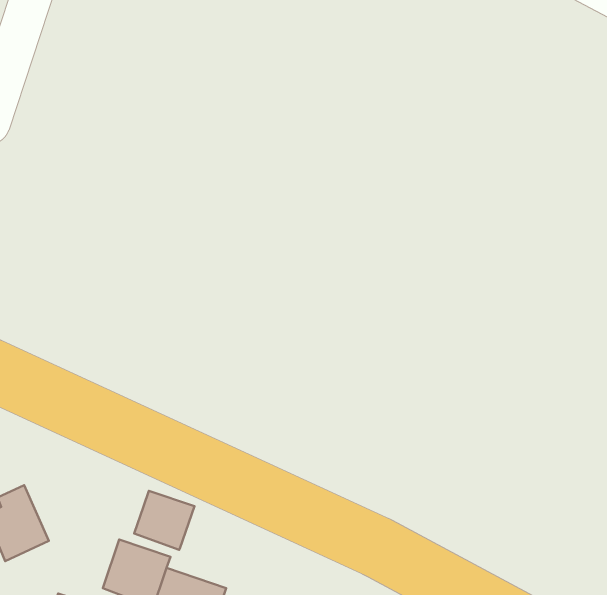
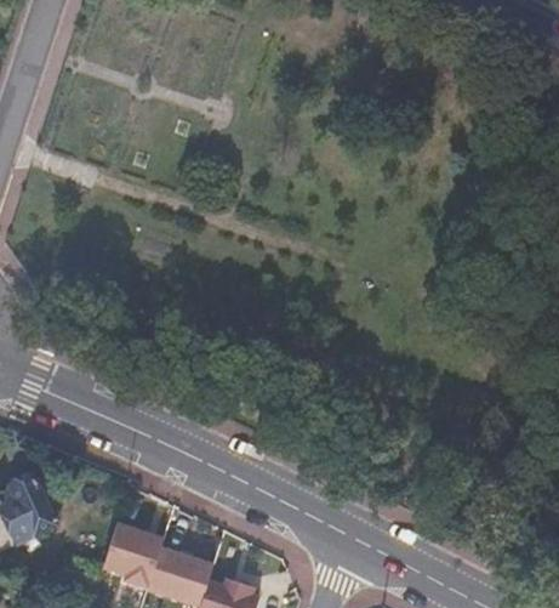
building: [134,491,194,550] -> none

